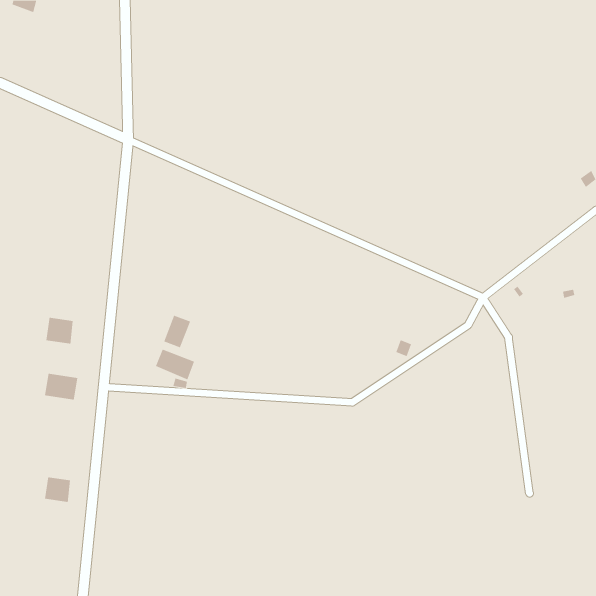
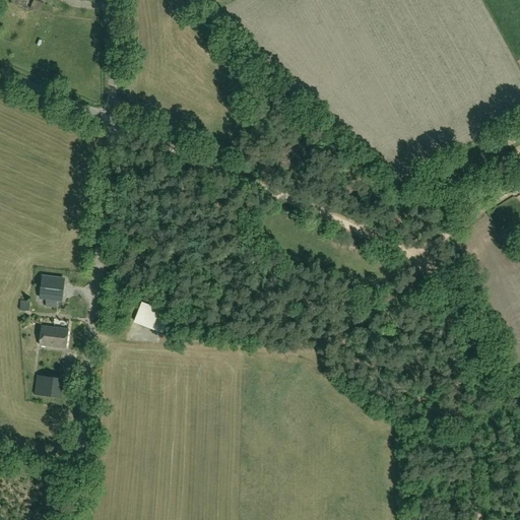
building: [163,315,191,348] -> none
building: [44,477,71,502] -> [35,375,58,397]

